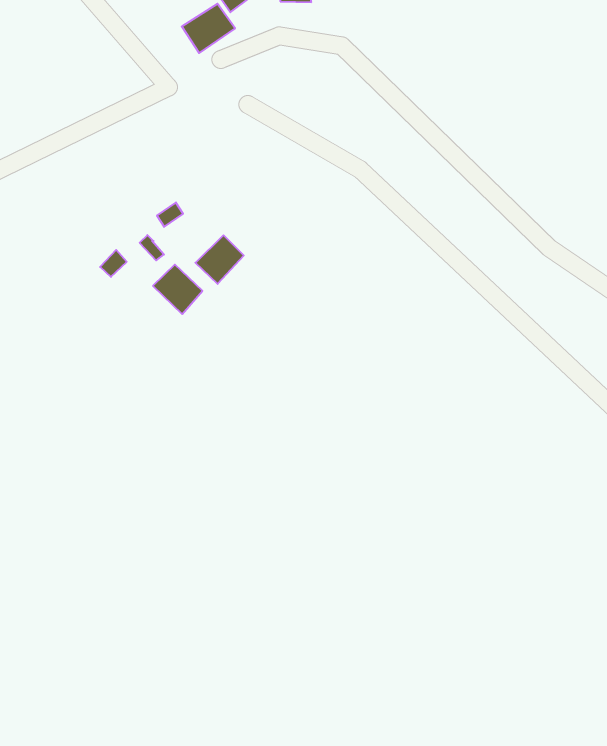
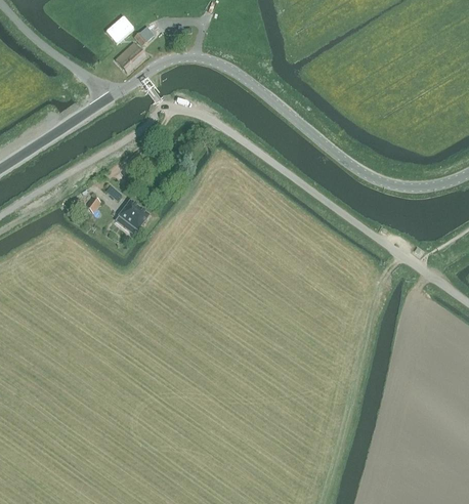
building: [195,235,244,284] -> none

